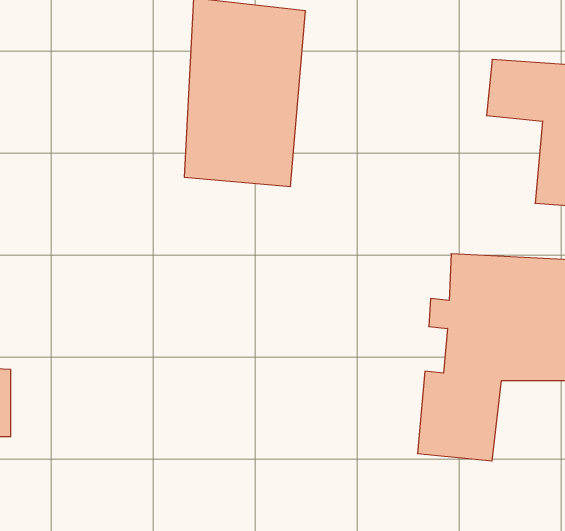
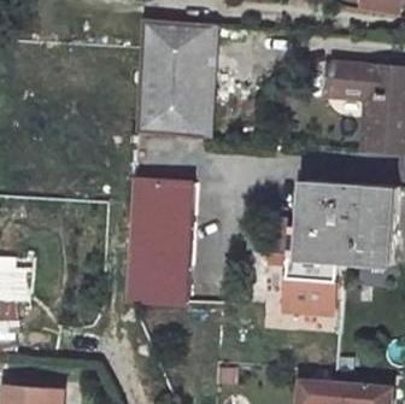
building: none -> [127,175,194,299]

